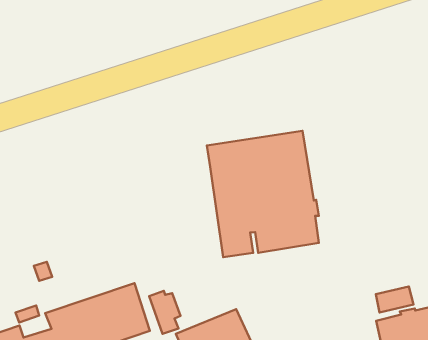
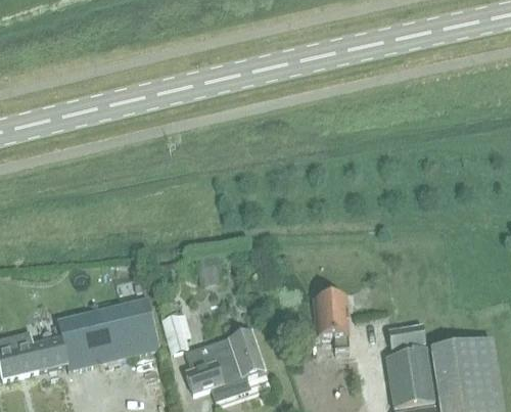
building: [207,131,319,257] -> none
building: none -> [314,294,350,351]

